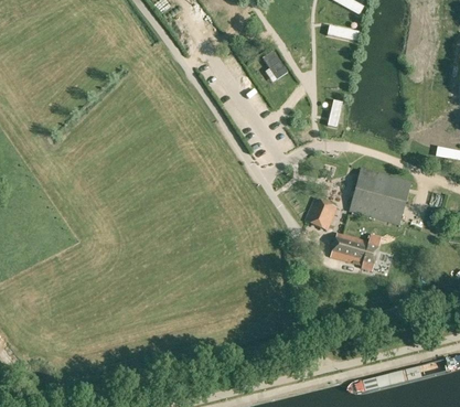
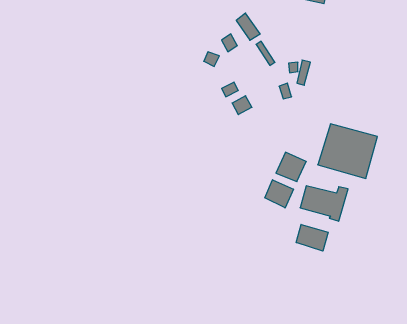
building: none -> [265,180,293,208]
building: none -> [296,224,328,251]

